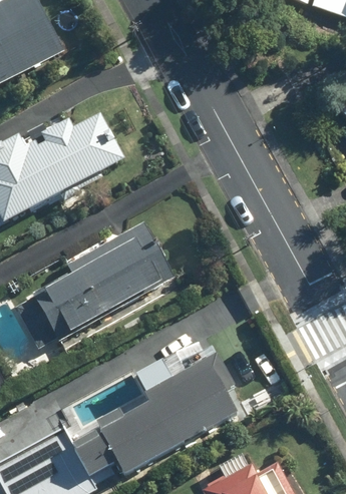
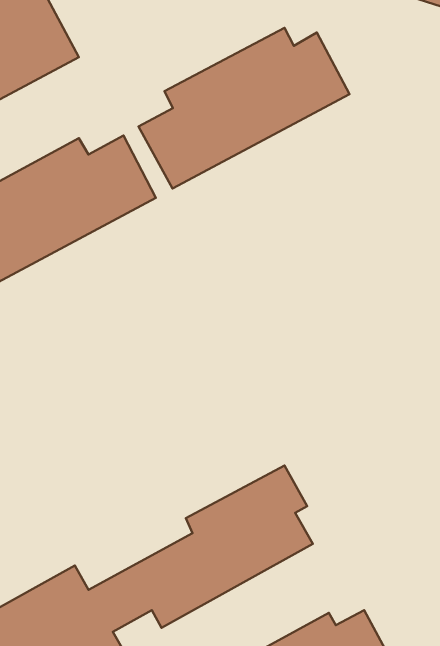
building: none -> [139,28,349,189]
building: [13,221,175,350] -> none

